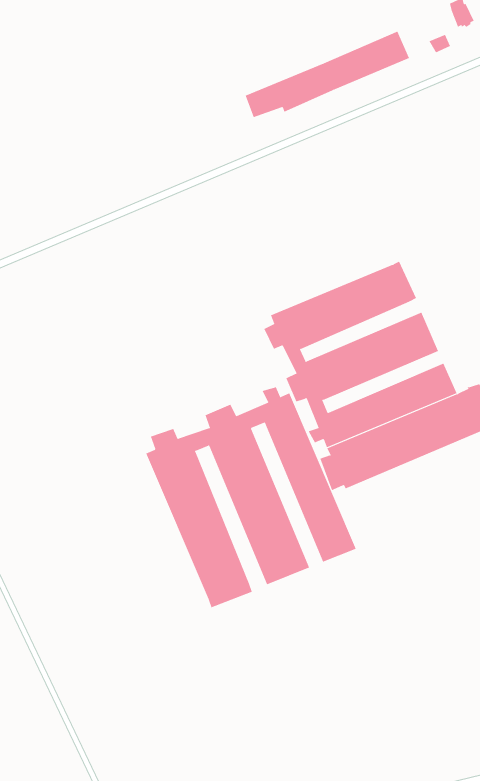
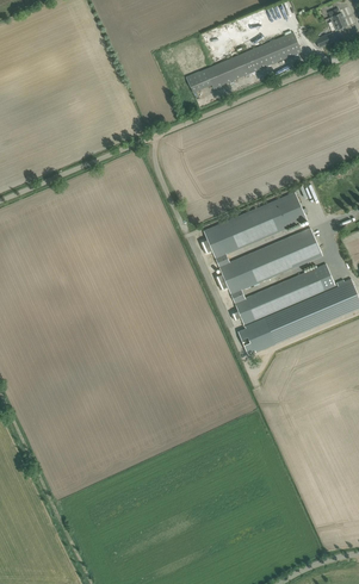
building: [146,387,356,608] -> none

